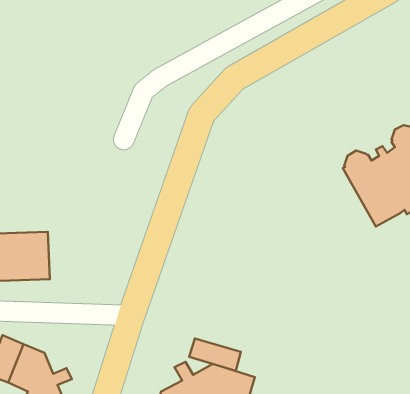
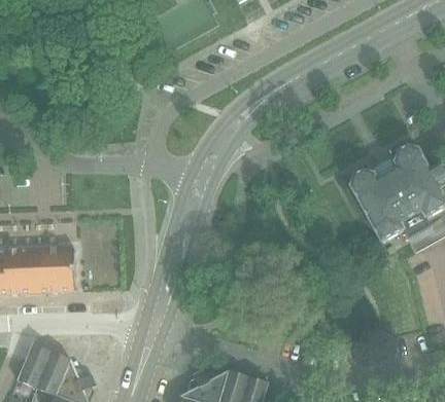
building: [189,339,241,371] -> none

